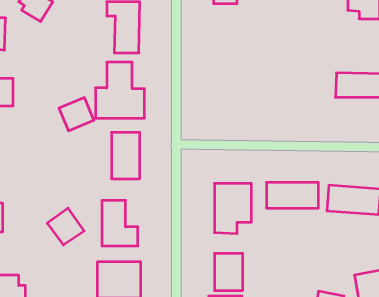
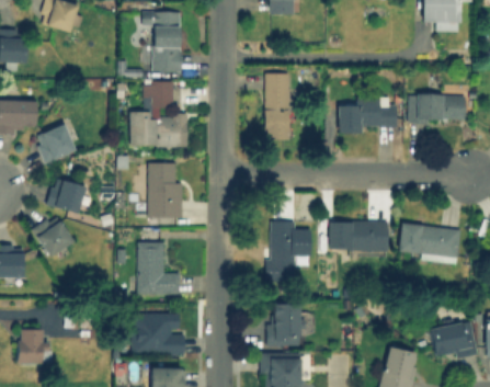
building: none -> [265,73,289,139]
building: none -> [339,98,397,132]
building: [59,98,94,131] -> [35,125,76,163]
building: none -> [47,178,86,214]
building: [47,208,84,245] -> [31,215,73,258]

